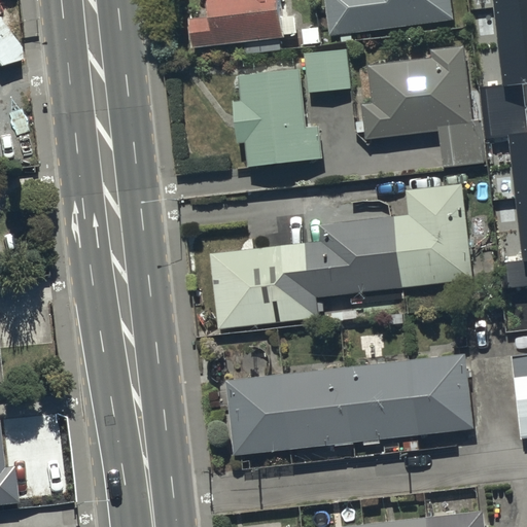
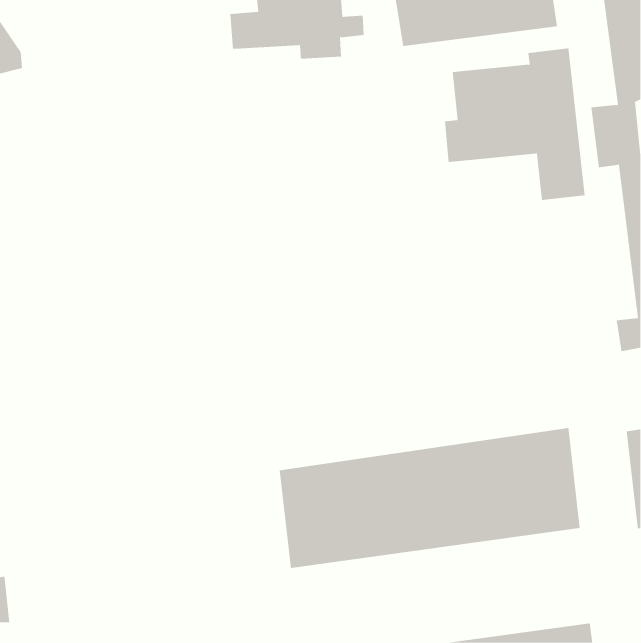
building: [304,44,350,86] -> none
building: [234,69,321,164] -> none
building: [216,182,473,329] -> none

